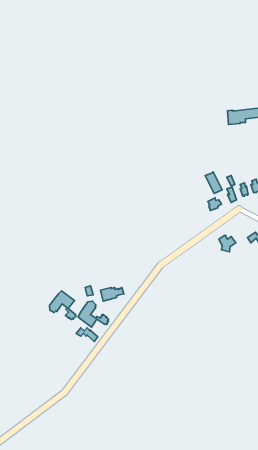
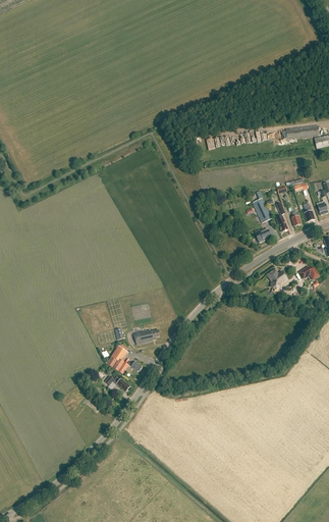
building: [49,291,76,320] -> none

